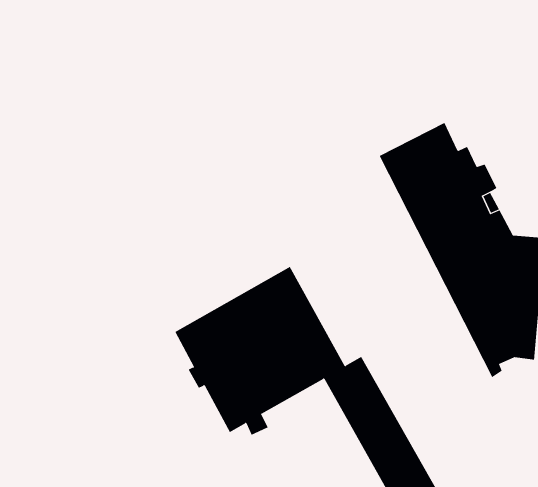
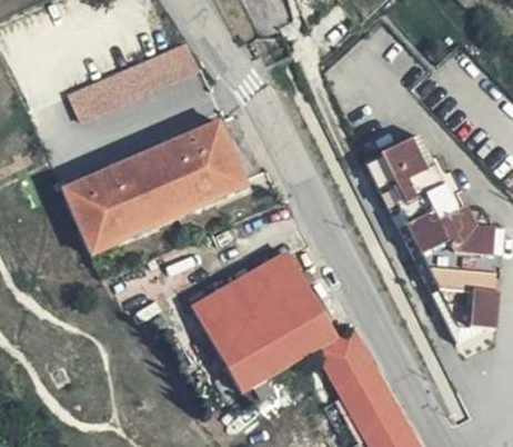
building: none -> [70,42,198,119]
building: none -> [66,121,245,247]

